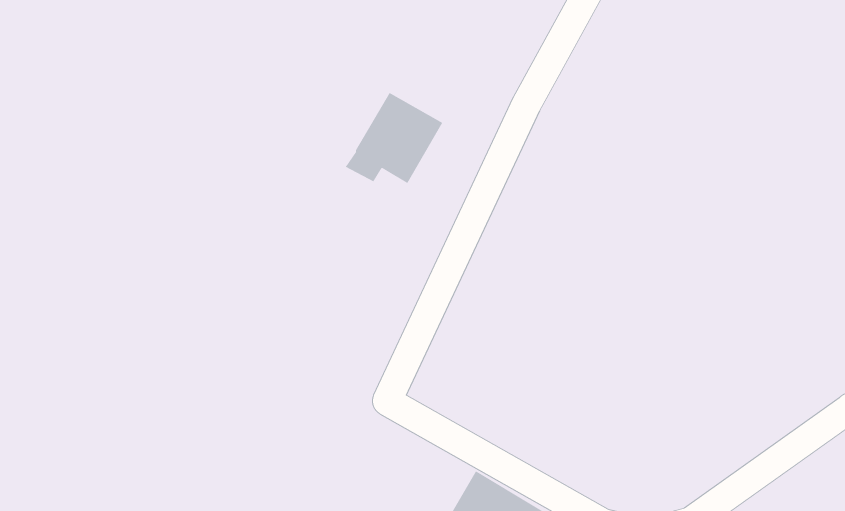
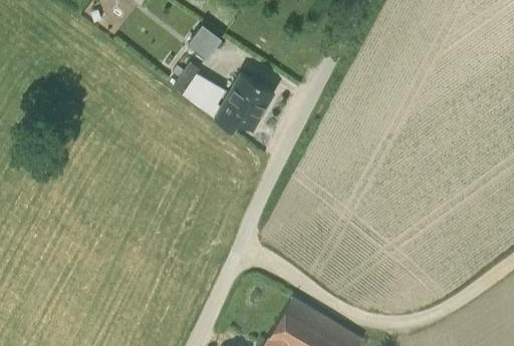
building: none -> [189,26,222,59]
building: none -> [184,73,226,118]

